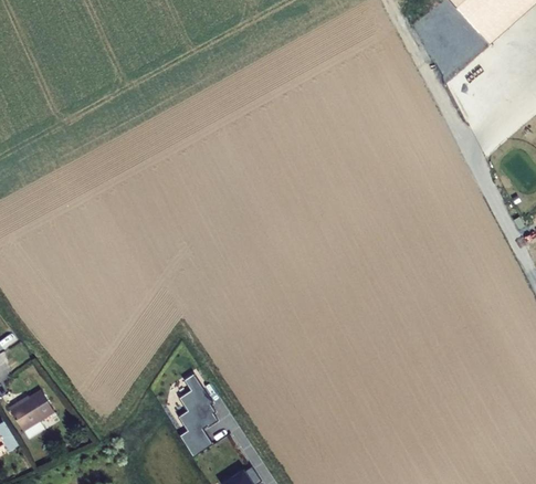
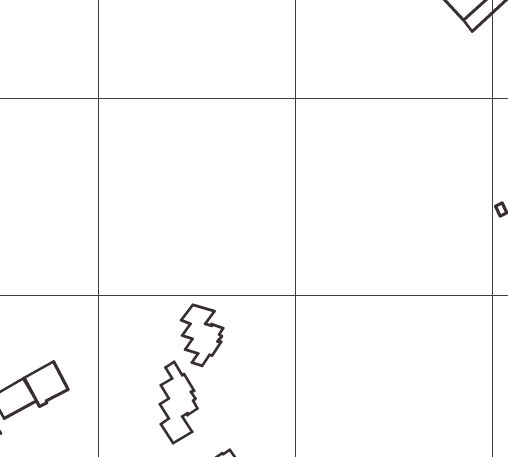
building: none -> [181,305,223,366]
building: none -> [24,361,68,407]

